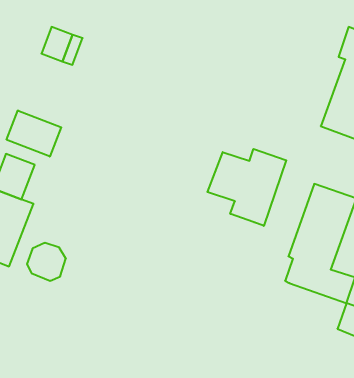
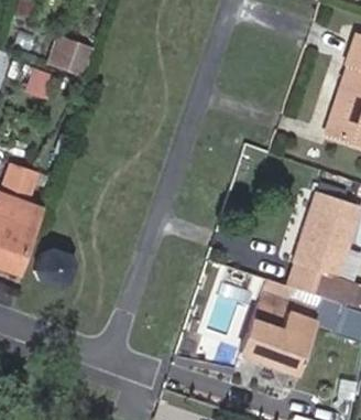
building: [7,110,61,157] -> none
building: [207,149,286,226] -> none
building: none -> [238,278,315,373]

